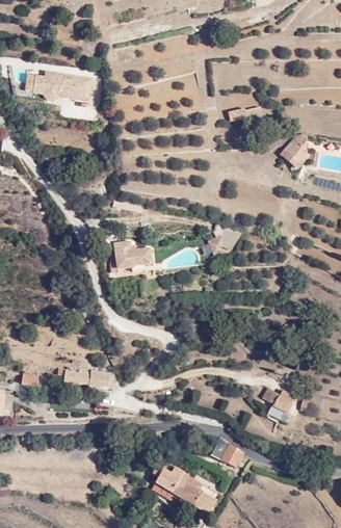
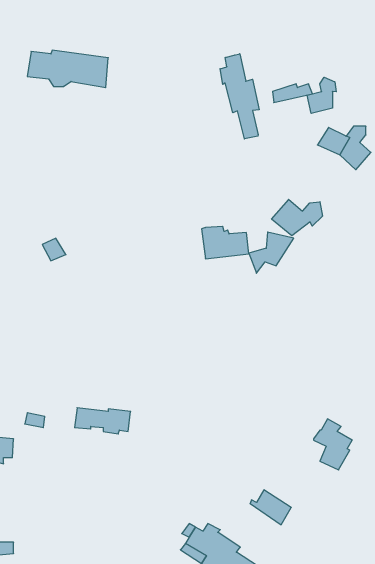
building: none -> [220,54,259,139]
building: none -> [307,77,336,113]
building: none -> [272,199,322,236]
building: [114,241,154,268] -> [202,226,249,259]

